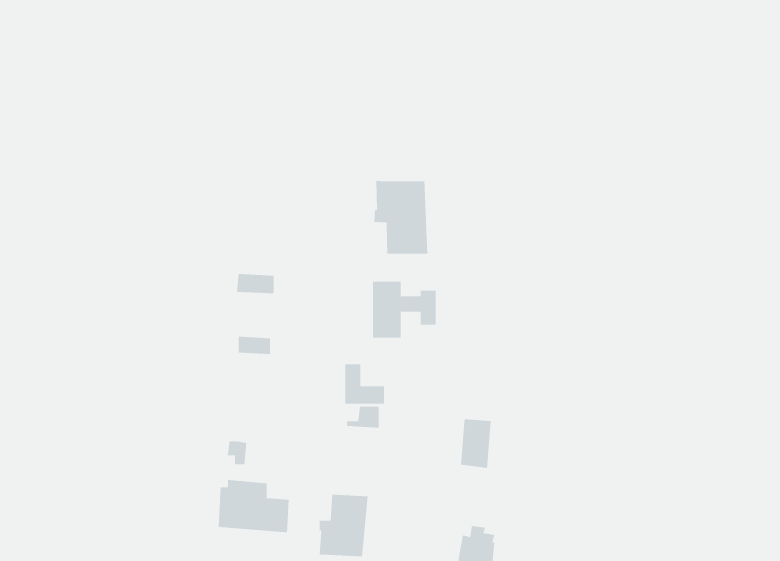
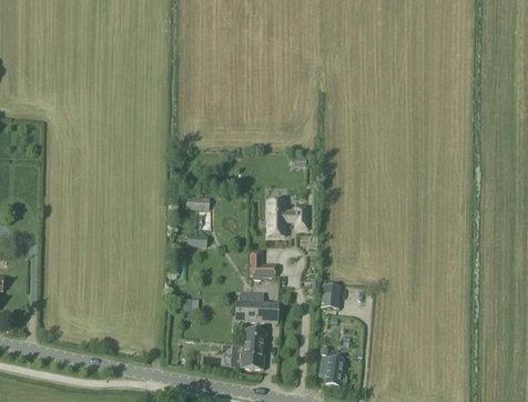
building: [374,180,428,255] -> none
building: [218,479,290,533] -> [235,291,278,323]

